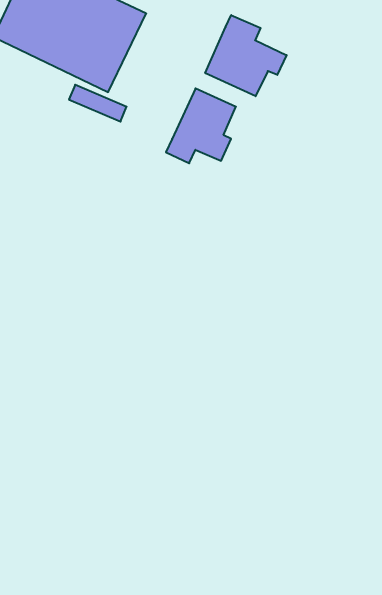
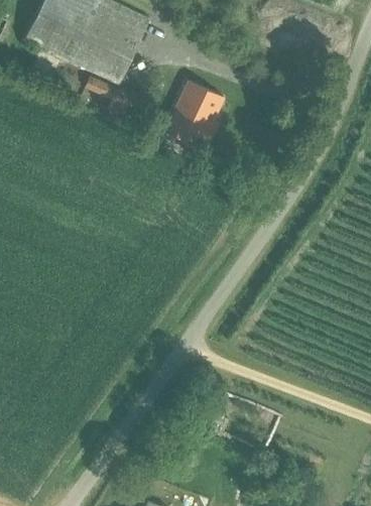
building: [205,15,287,96] -> none

